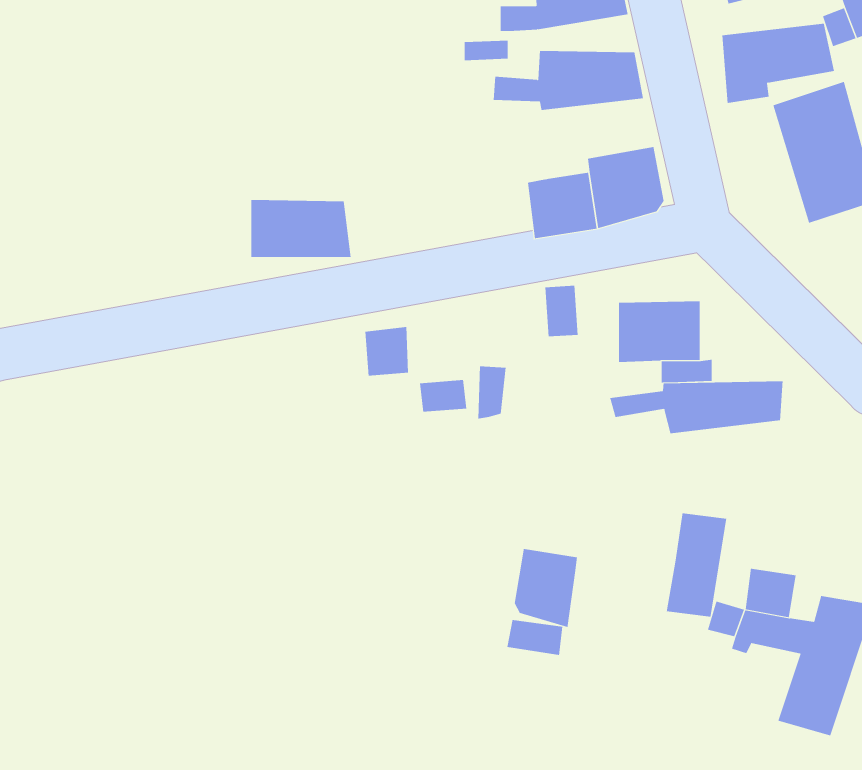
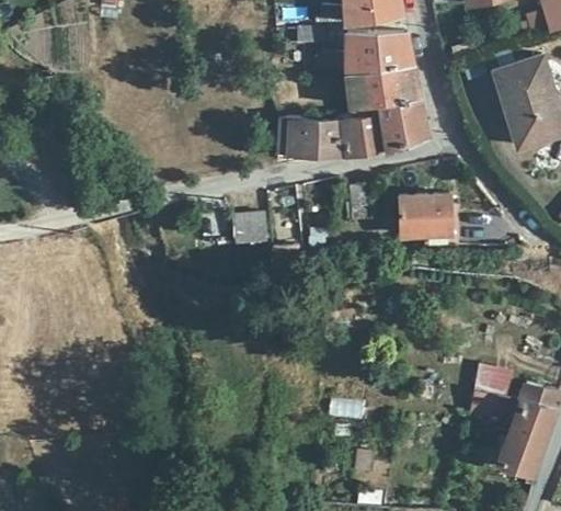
building: [722,23,835,104] -> [348,66,421,117]
building: [250,199,352,258] -> [279,118,344,156]
building: [610,380,783,434] -> none
building: [666,513,727,617] -> none
building: [514,548,578,628] -> none

